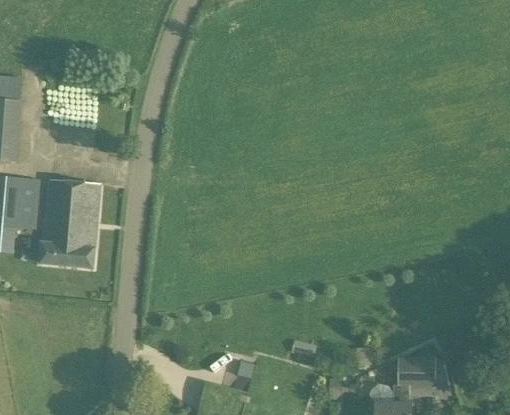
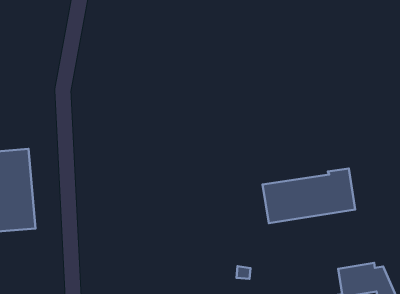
building: none -> [262,169,355,223]

